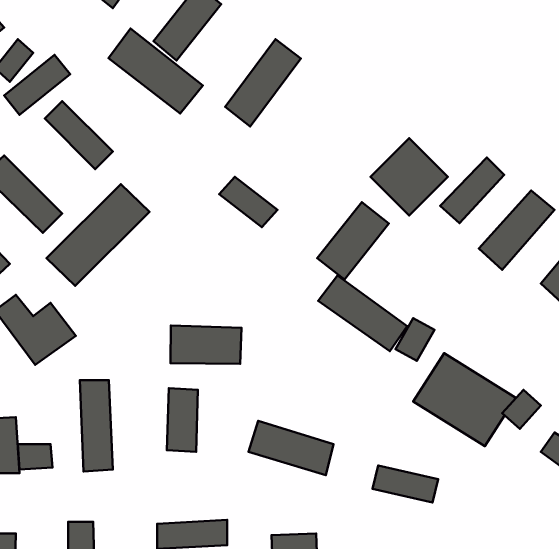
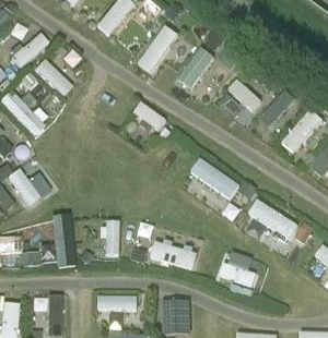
building: [109,28,203,114] -> none
building: [47,184,149,286] -> none
building: [317,202,389,280] -> [175,46,215,89]
building: [171,326,241,364] -> none

